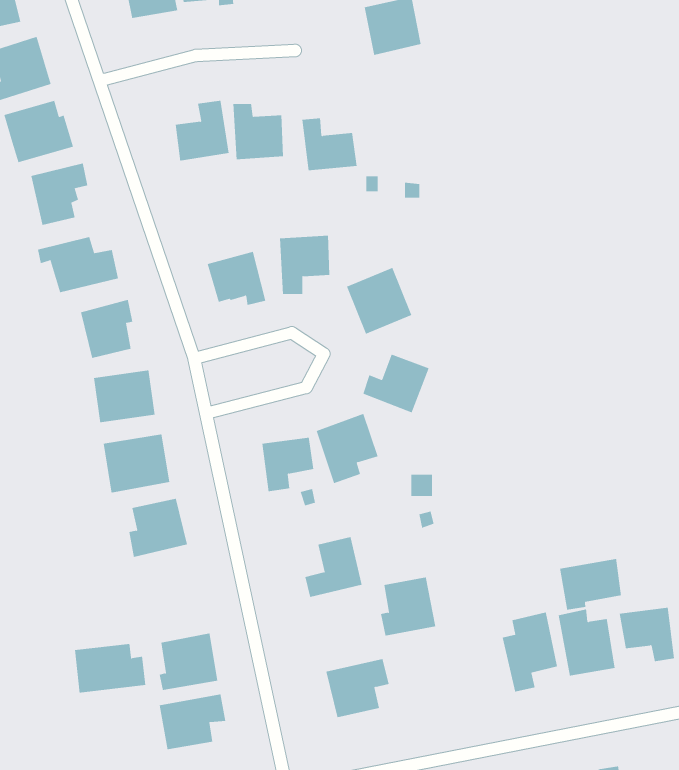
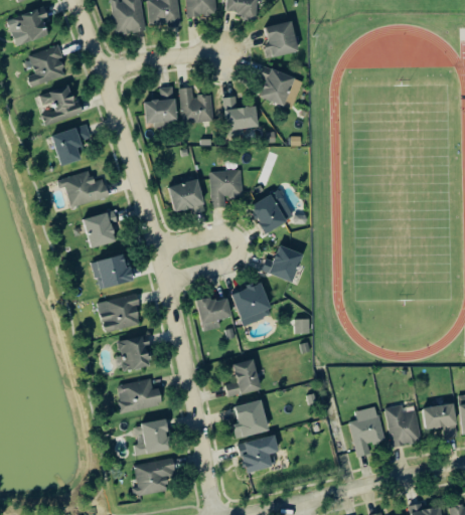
building: none -> [260,66,303,108]
building: [560,558,622,610] -> none
building: [380,577,436,636] -> [234,400,269,438]
building: [74,643,146,693] -> [117,380,162,411]

